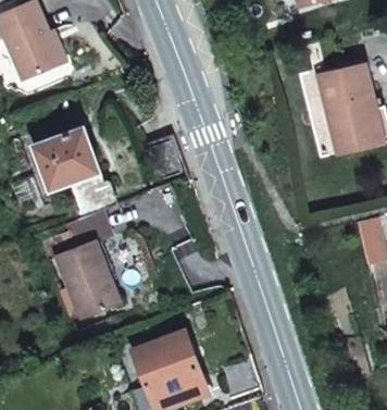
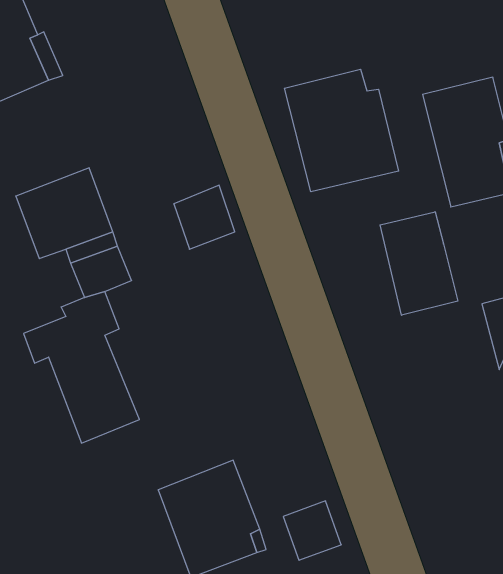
building: none -> [284,69,399,192]
building: none -> [380,212,458,315]

